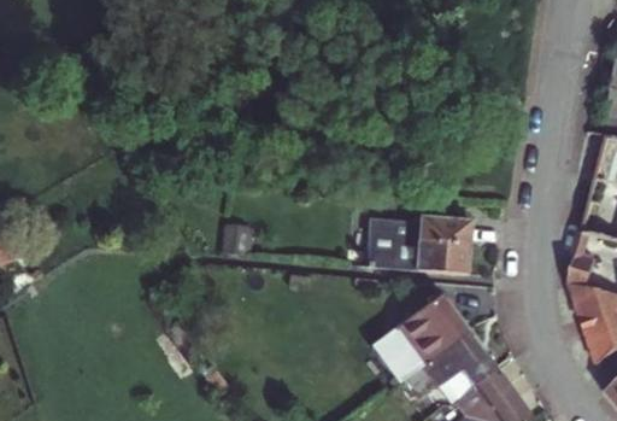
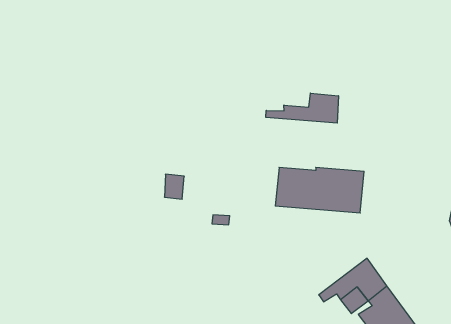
building: none -> [266,93,338,123]
building: [377,293,470,379] -> none

